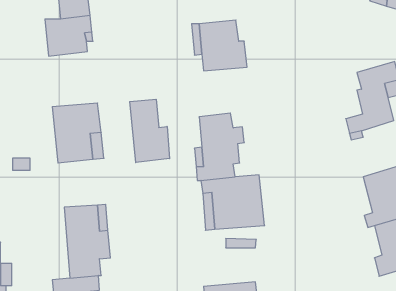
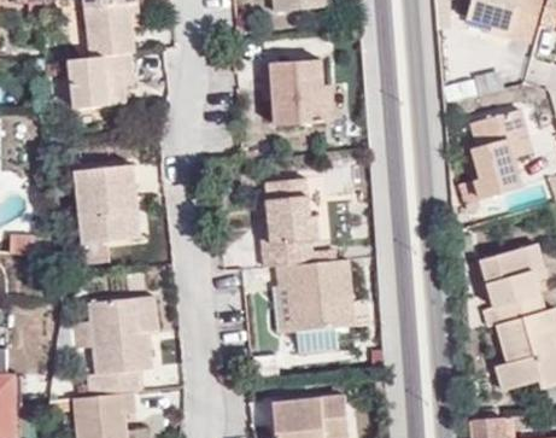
building: [130,99,170,163] -> none

